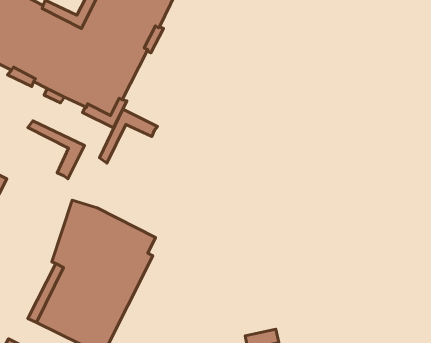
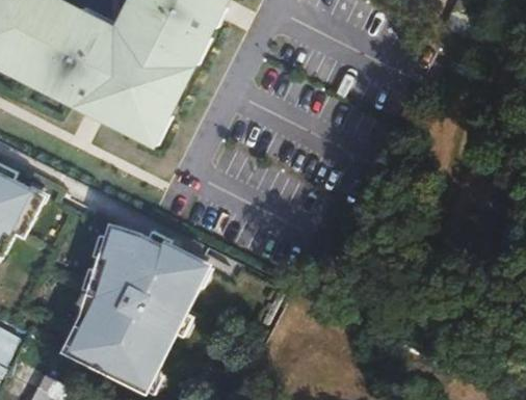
building: [99,109,157,163] -> none
building: [28,121,84,179] -> none

